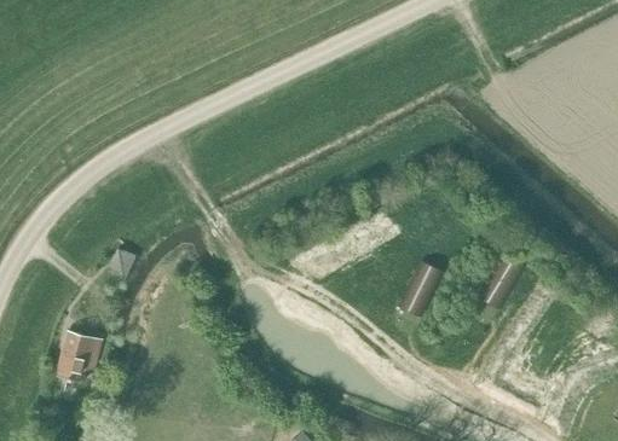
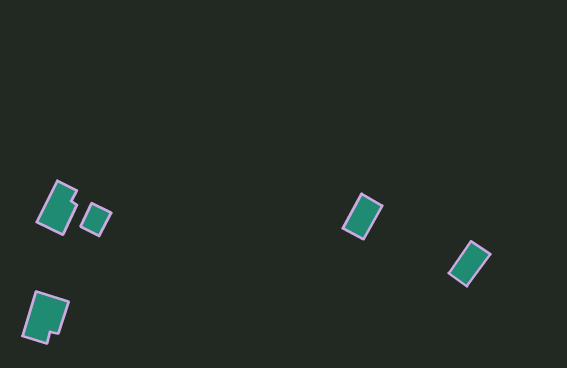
building: none -> [37,181,77,235]
building: [403,266,441,312] -> [343,194,382,239]

